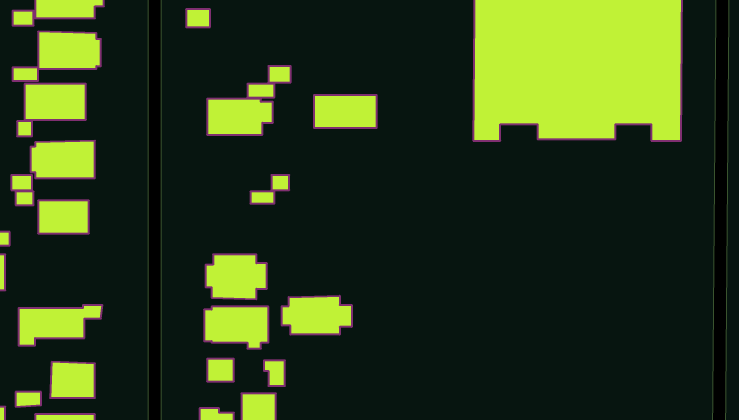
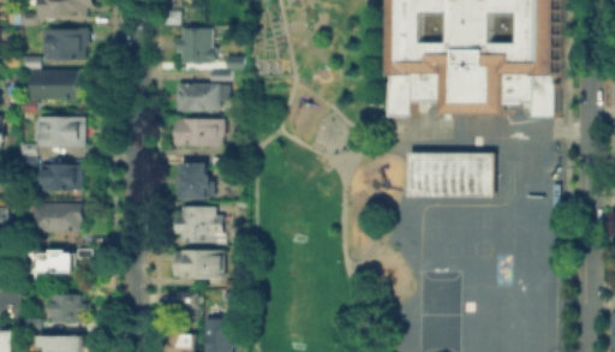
building: none -> [173,26,215,62]
building: [314,95,377,128] -> [173,118,223,144]
building: none -> [406,153,491,195]
building: none -> [173,161,211,199]
building: none -> [30,202,82,232]
building: [282,296,352,335] -> none

